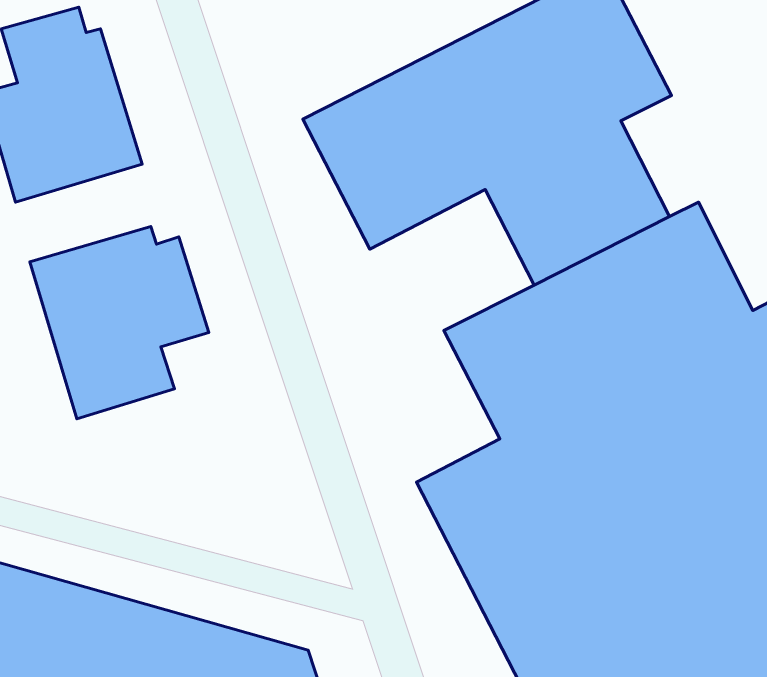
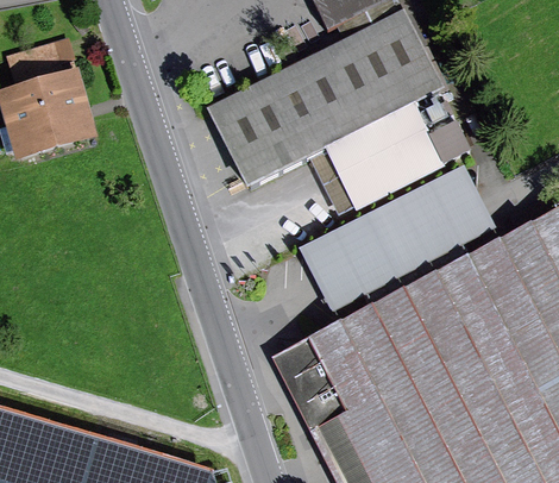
building: [30,227,209,419] -> none

